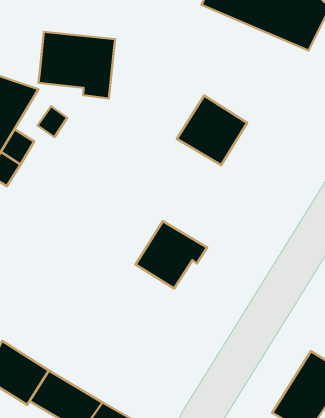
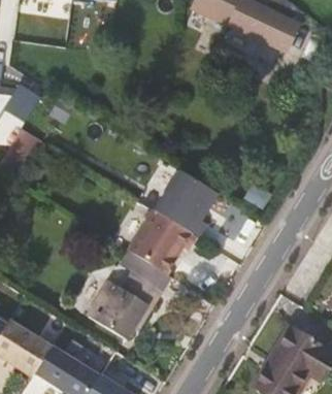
building: [39,32,115,98] -> none
building: [177,96,247,165] -> [156,170,220,233]
building: none -> [89,267,164,335]

